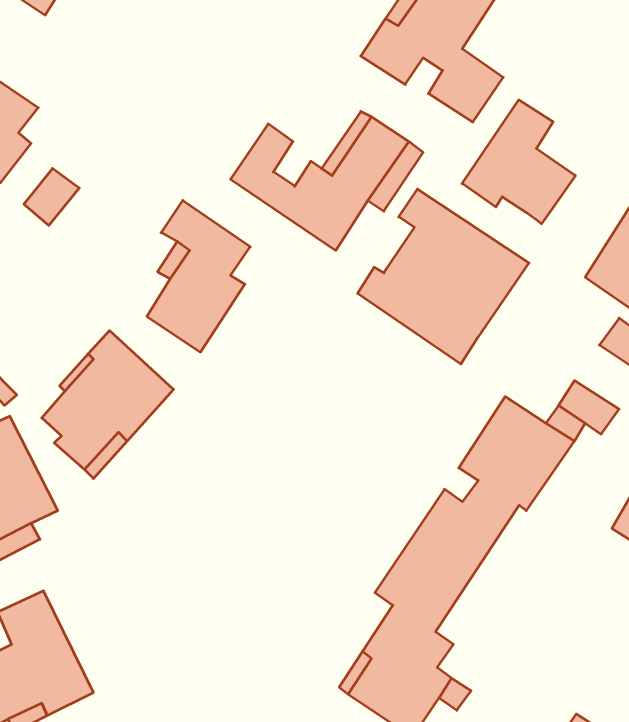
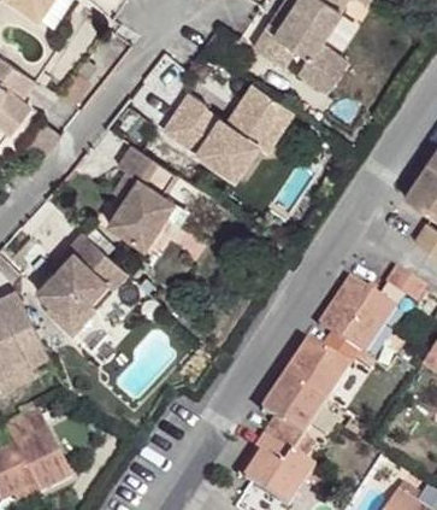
building: [462,100,575,224] -> none
building: [358,189,529,364] -> none

